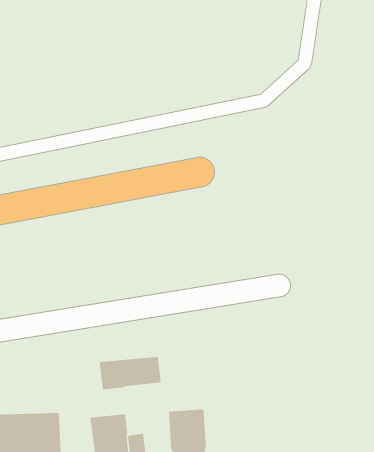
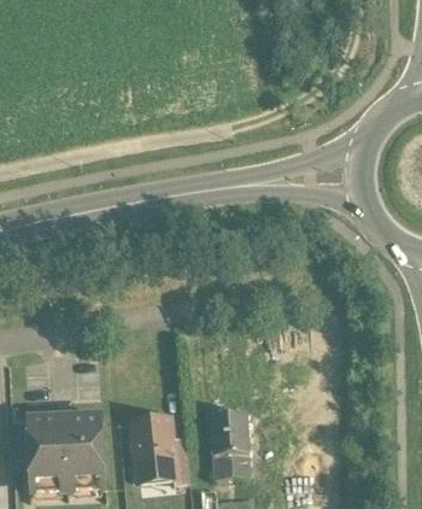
building: [99,356,161,390] -> none

